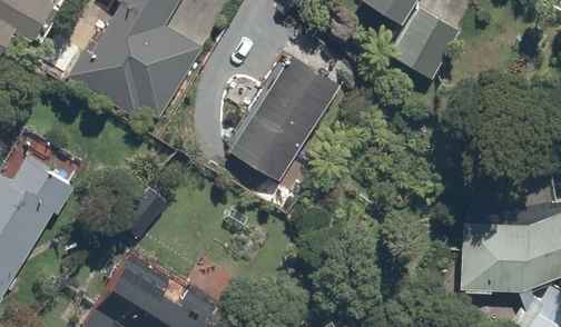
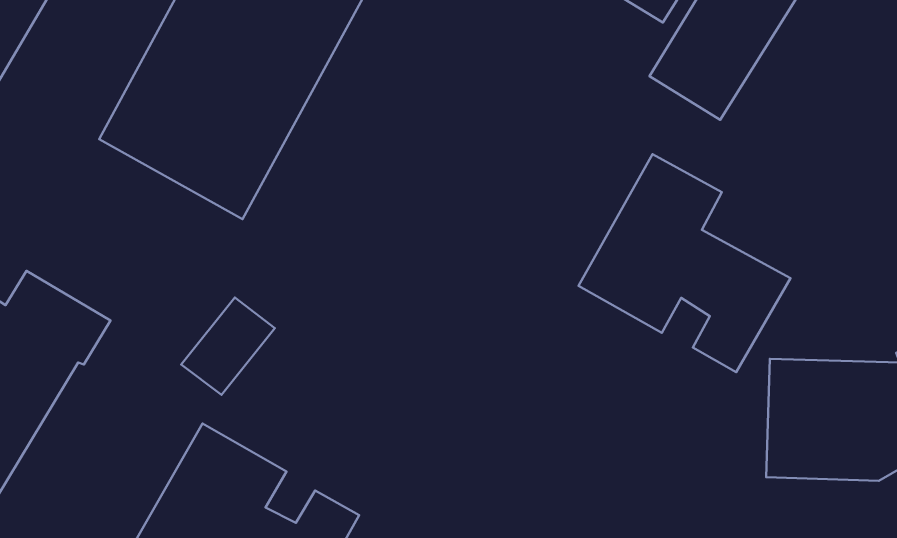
building: [222,37,335,174] -> none
building: none -> [578,154,790,372]

